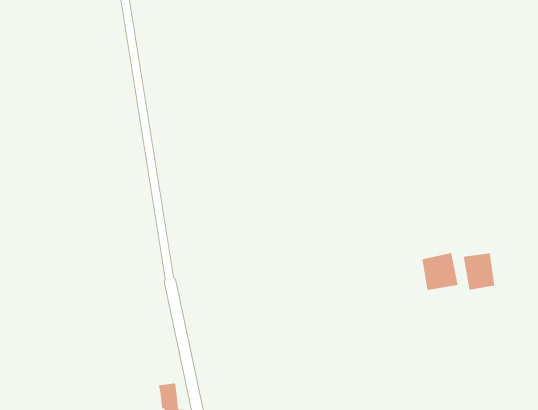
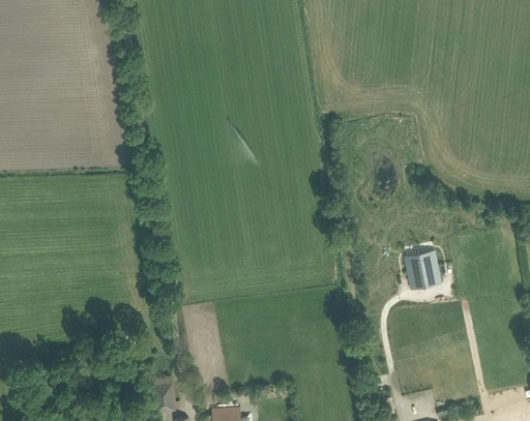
building: [463,253,495,291] -> none

